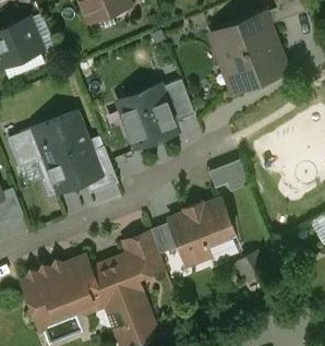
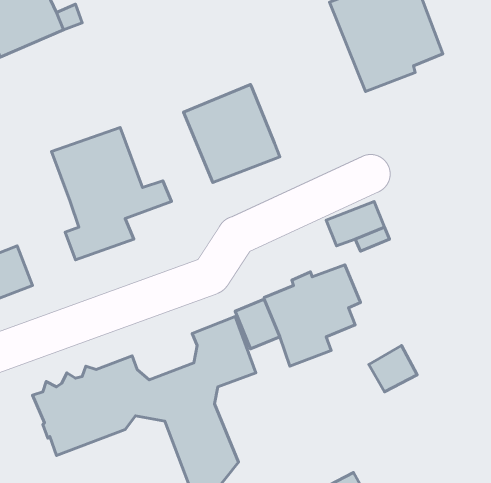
building: [161,80,195,122] -> none
building: [8,128,46,169] -> none
building: [81,159,119,194] -> none

